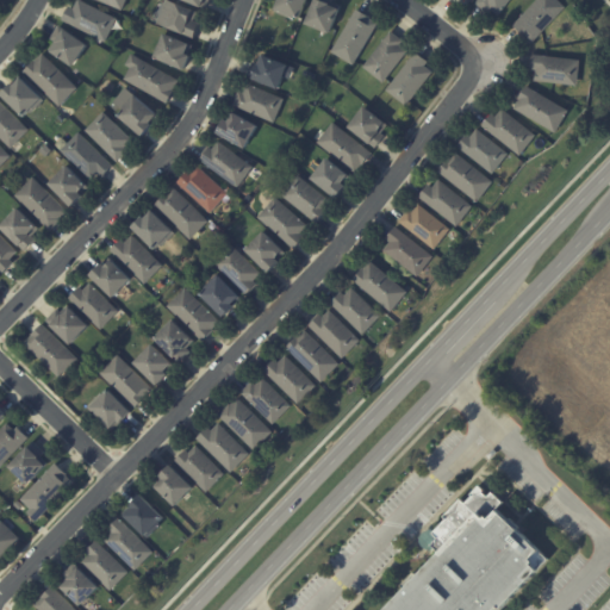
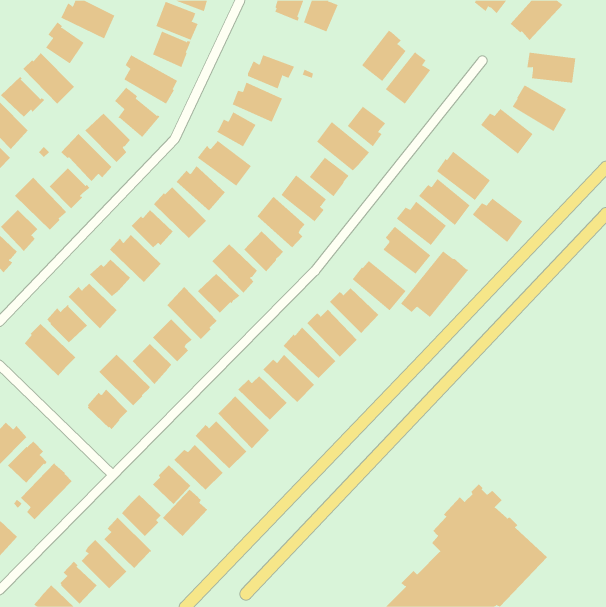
building: [330,8,378,64] -> none
building: [456,129,508,174] -> [472,198,523,243]
building: none -> [400,251,469,318]
building: none -> [162,489,208,537]

